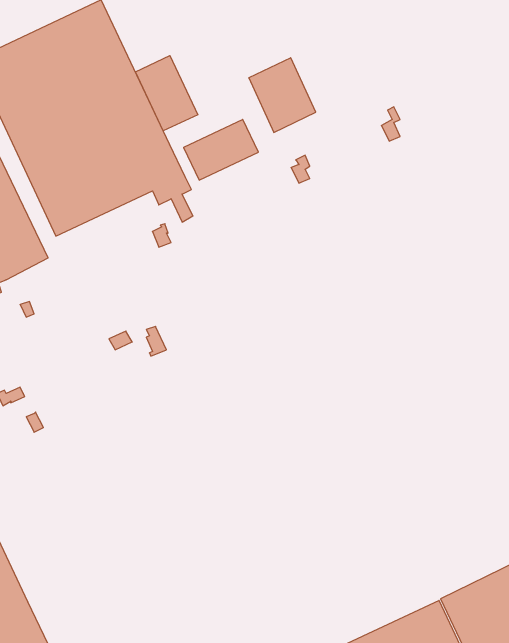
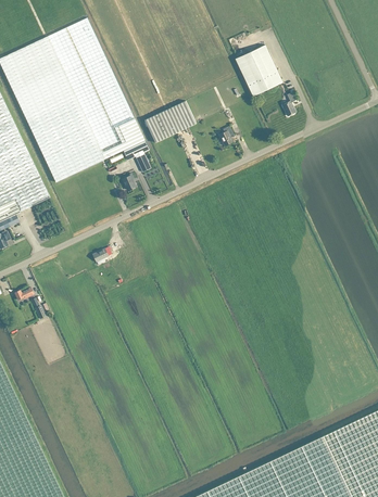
building: [135,56,198,131] -> none
building: [249,58,316,132] -> [236,44,282,97]

